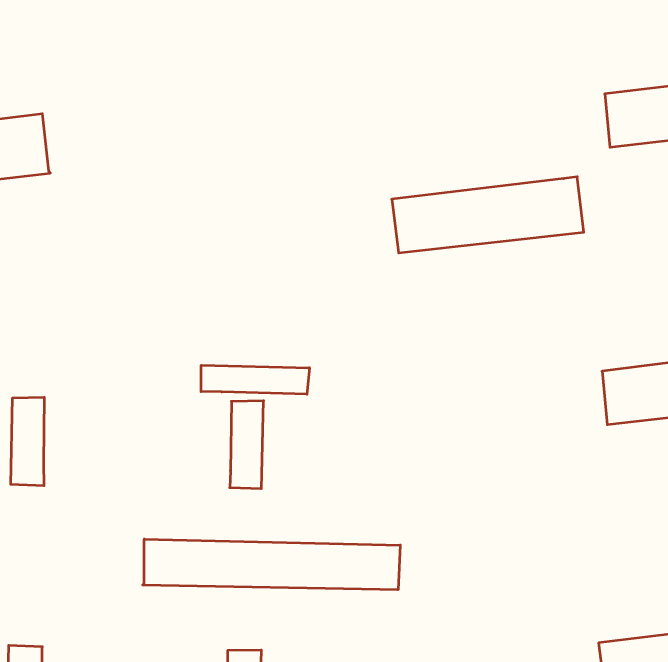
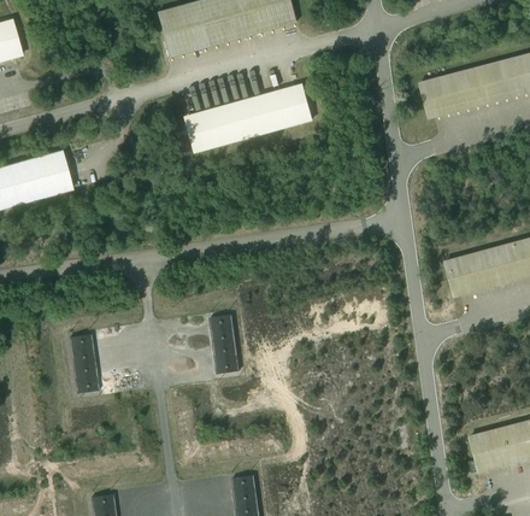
building: [392,177,584,253] -> [184,84,311,151]
building: [201,365,309,394] -> none
building: [143,539,400,590] -> none

